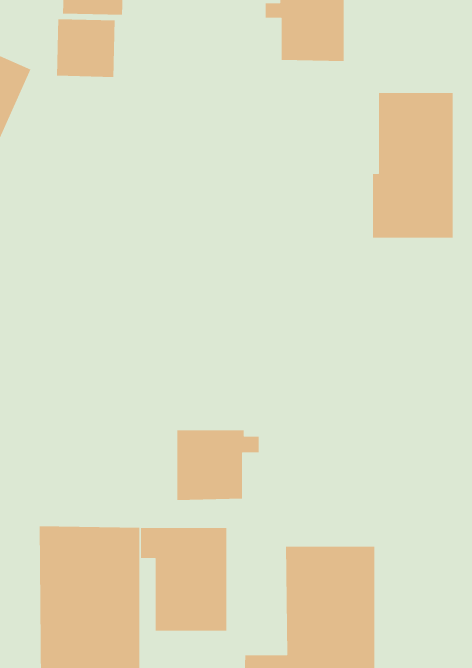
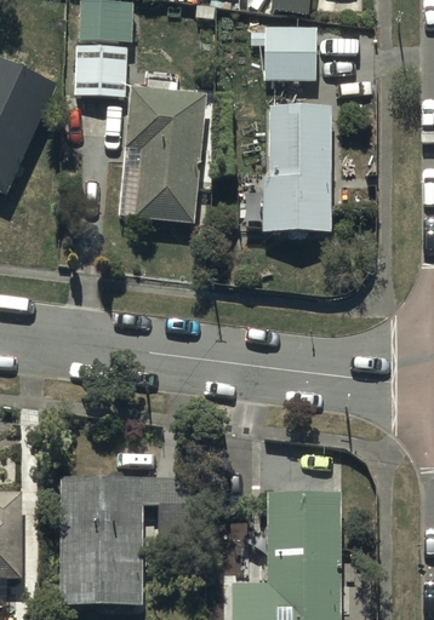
building: none -> [118,90,205,226]
building: [372,92,453,238] -> [263,111,331,234]
building: [177,429,260,501] -> none

